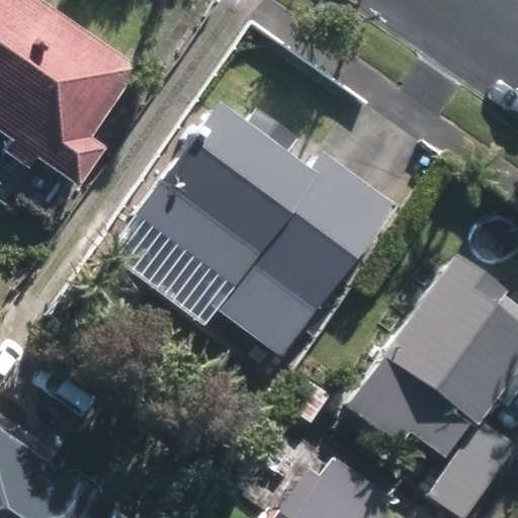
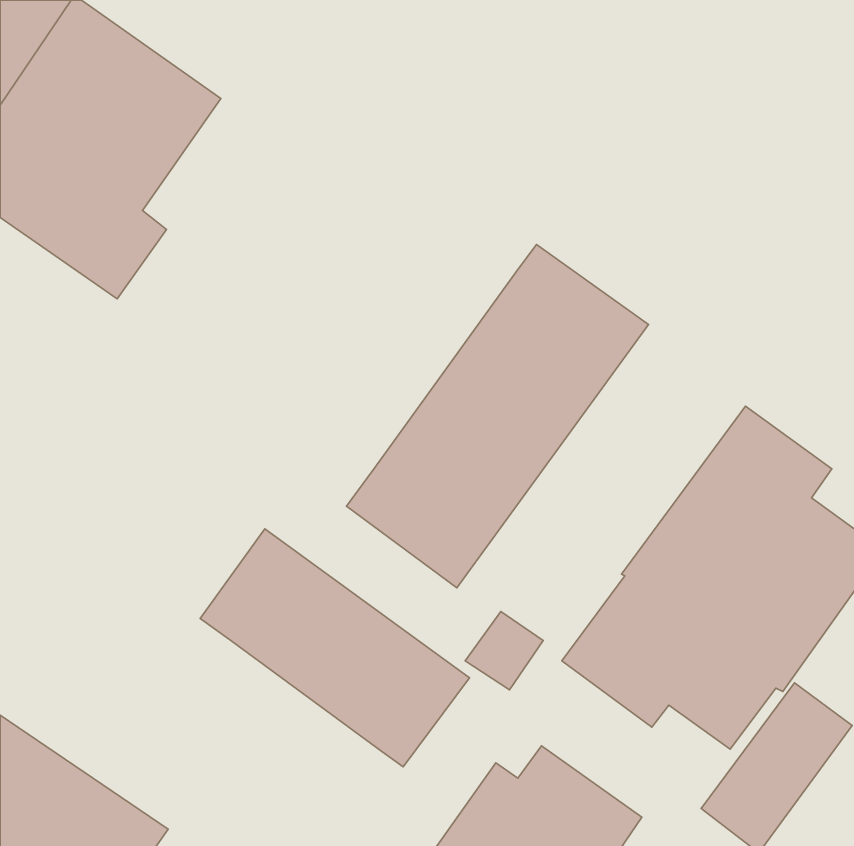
building: [131,102,316,291] -> none
building: none -> [200,529,469,767]

